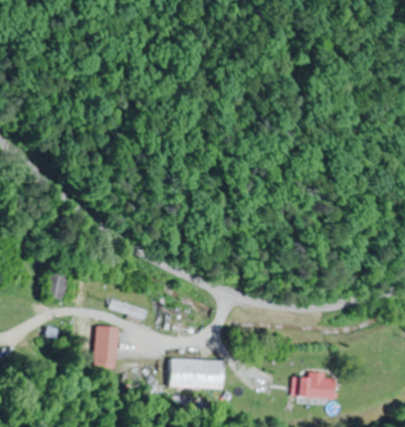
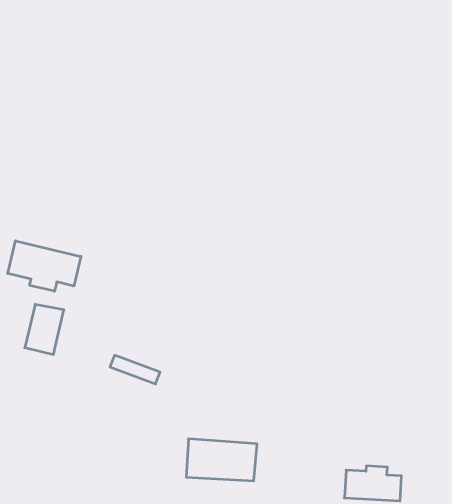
building: none -> [8,241,81,291]
building: [96,327,119,370] -> none

